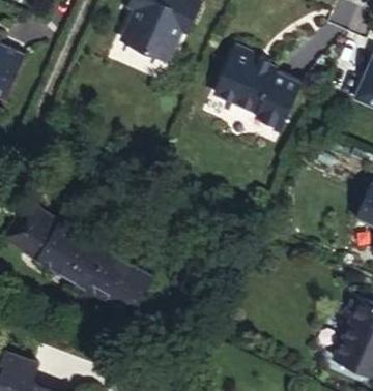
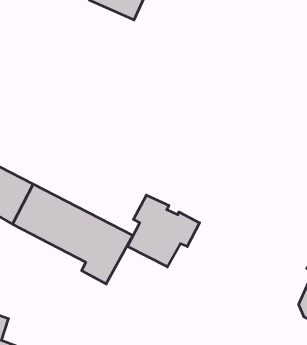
building: [213,49,298,126] -> none
building: none -> [127,195,200,267]

